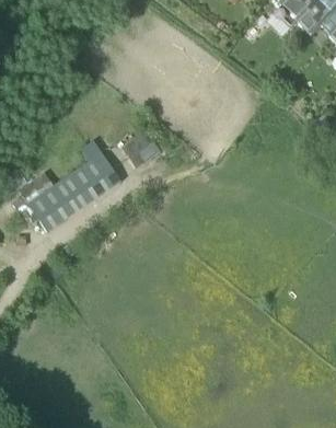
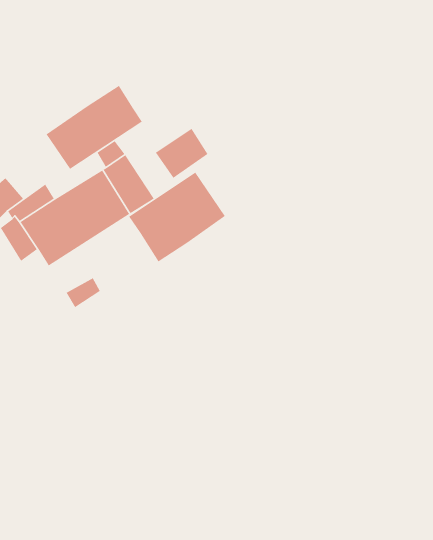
building: none -> [45,85,143,170]
building: none -> [128,172,226,262]

